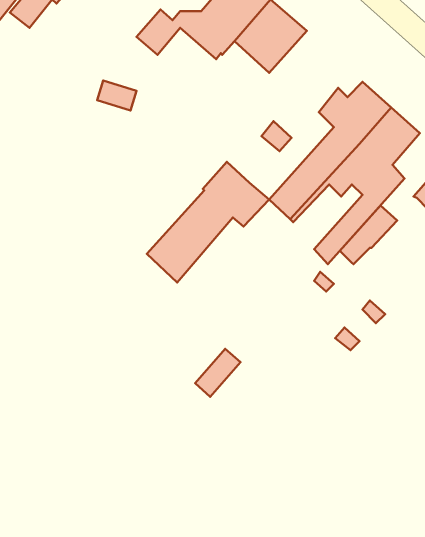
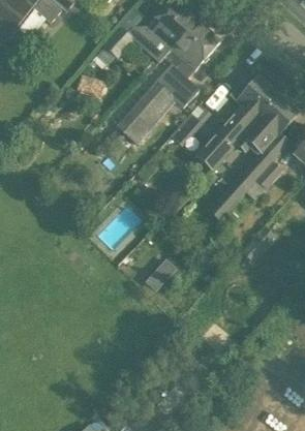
building: [147,162,269,282] -> [116,63,200,146]

